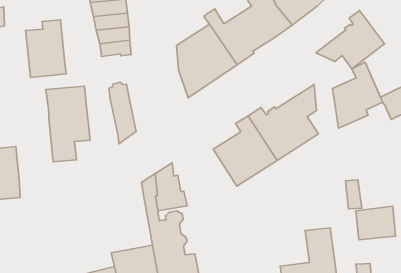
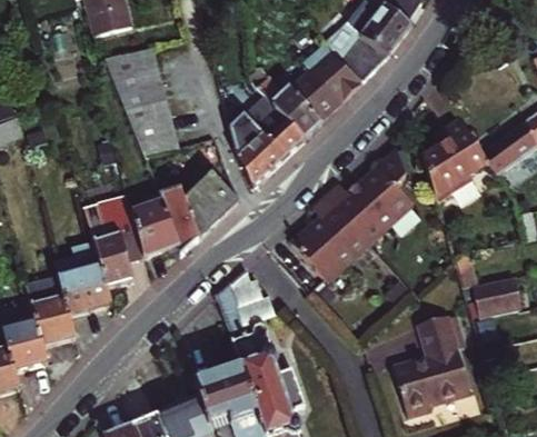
building: [316,11,385,69] -> none
building: [26,20,66,78] -> [57,240,112,314]
building: none -> [185,172,238,236]
building: none -> [135,202,179,255]

